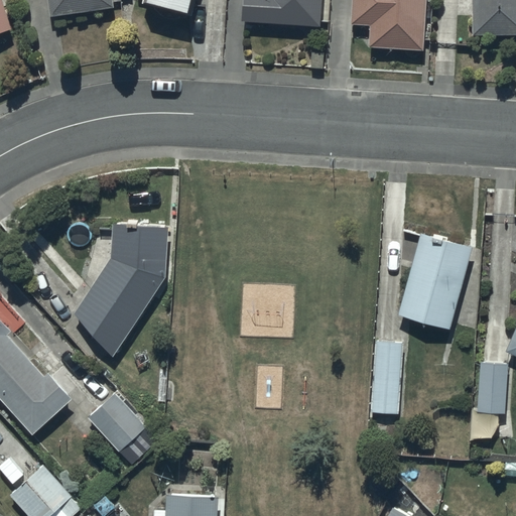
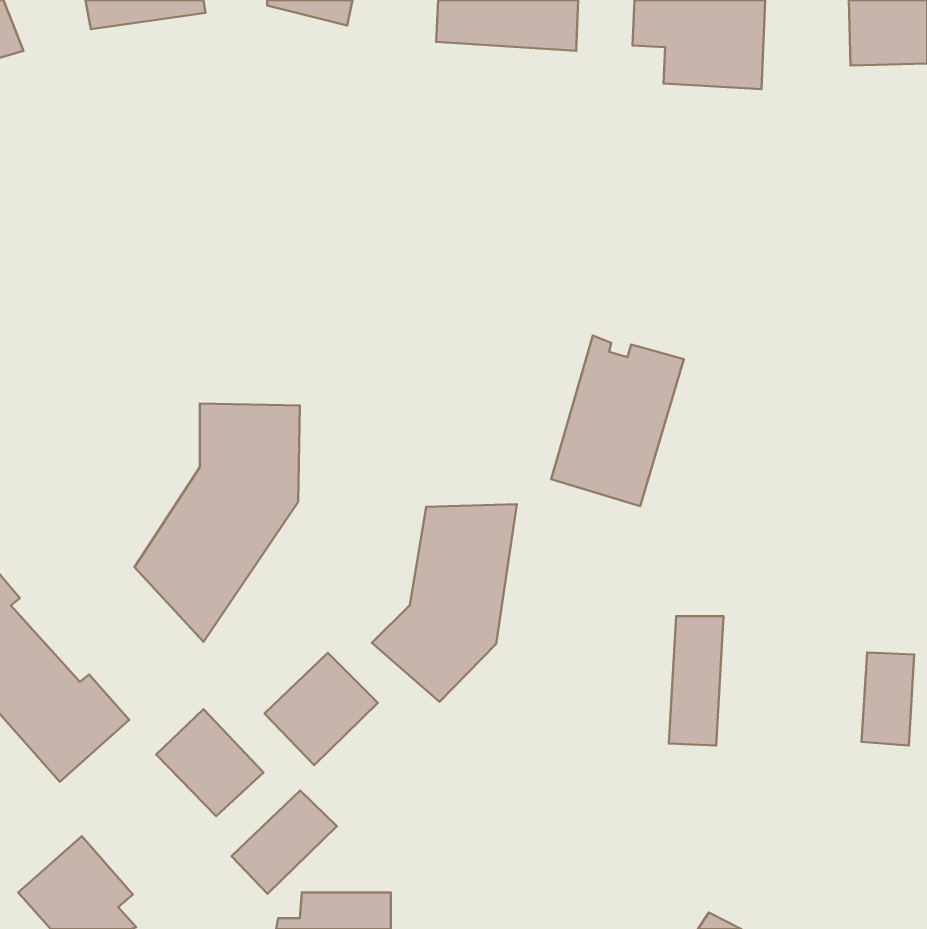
building: [399,234,473,329] -> [551,335,684,506]
building: none -> [372,504,517,702]
building: none -> [264,653,378,765]
building: none -> [231,790,337,894]

